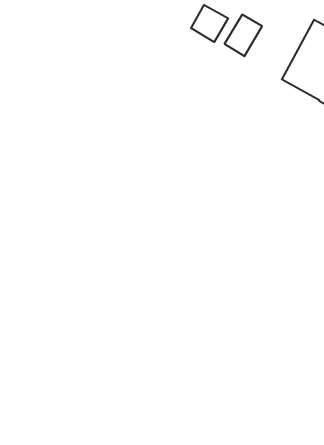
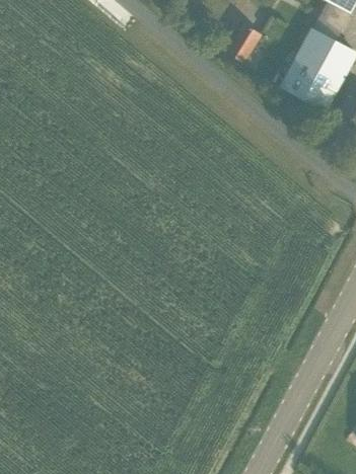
building: [191,5,228,42] -> none

